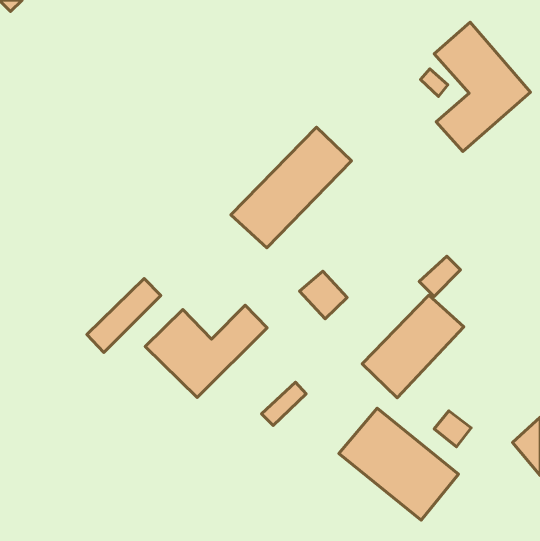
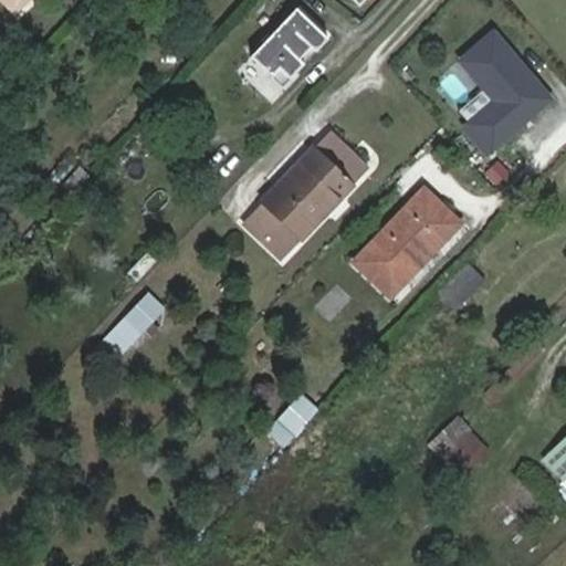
building: none -> [250,8,328,86]
building: [362,295,464,398] -> [353,190,459,297]
building: [145,305,267,398] -> none
building: [339,408,459,520] -> none

